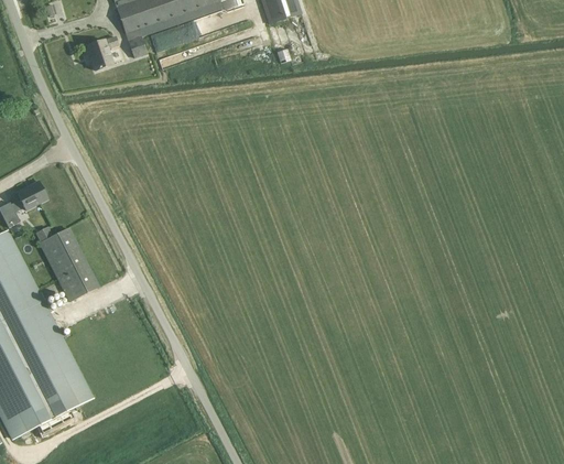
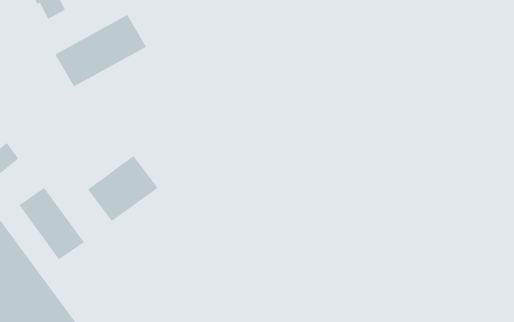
building: none -> [54,14,147,87]
building: none -> [87,155,158,222]

